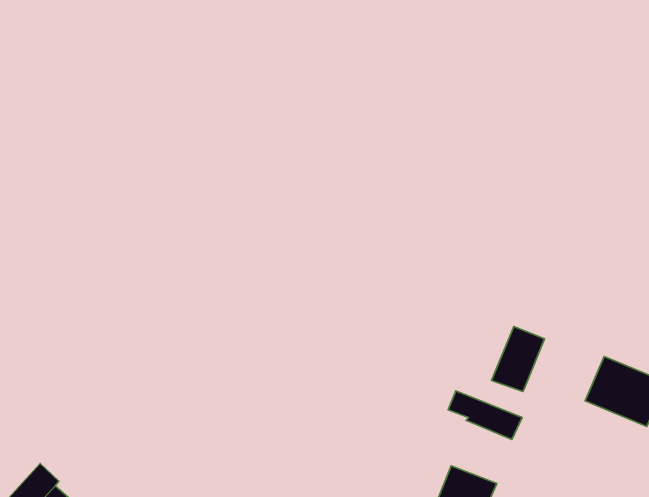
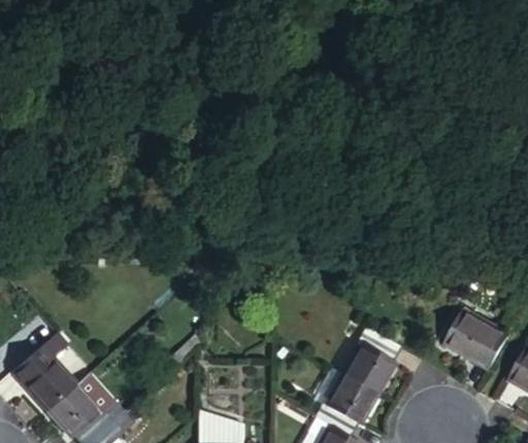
building: [491,326,545,392] -> none
building: none -> [343,349,392,397]

